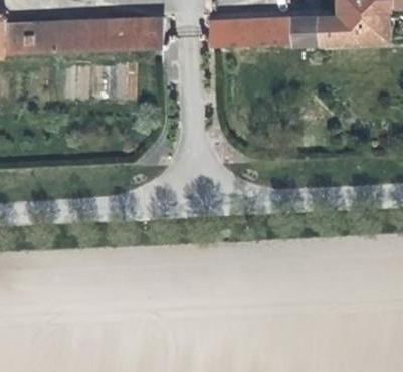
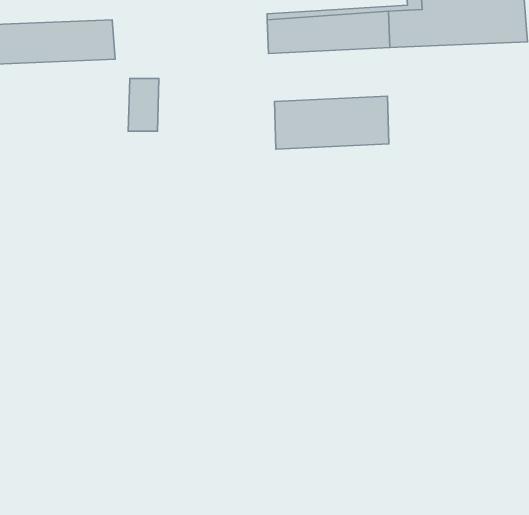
building: [105,21,160,50] -> none
building: none -> [275,96,389,149]

